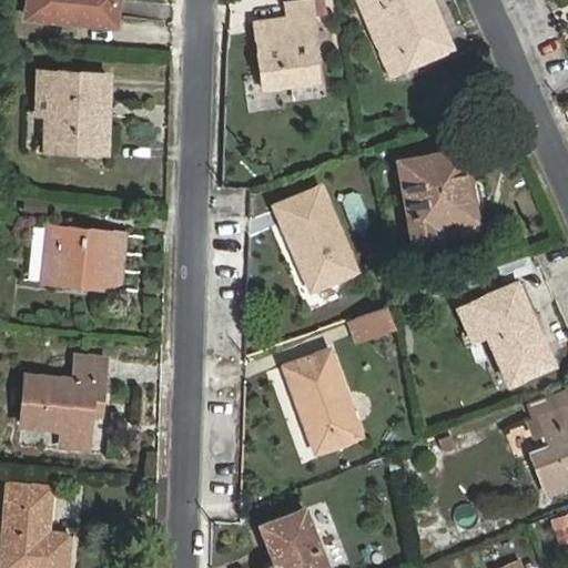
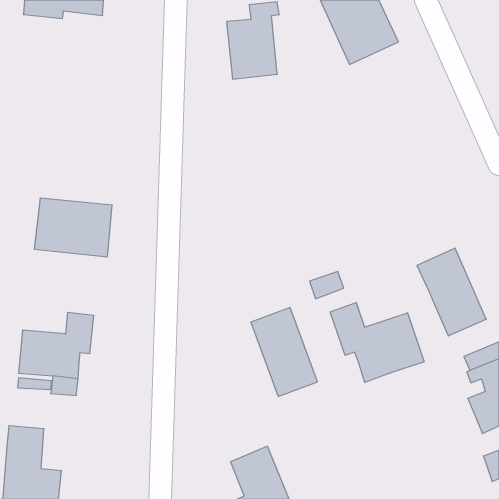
building: [38,71,111,153] -> none
building: [399,151,475,250] -> none
building: [275,189,356,290] -> none
building: none -> [330,303,424,382]

